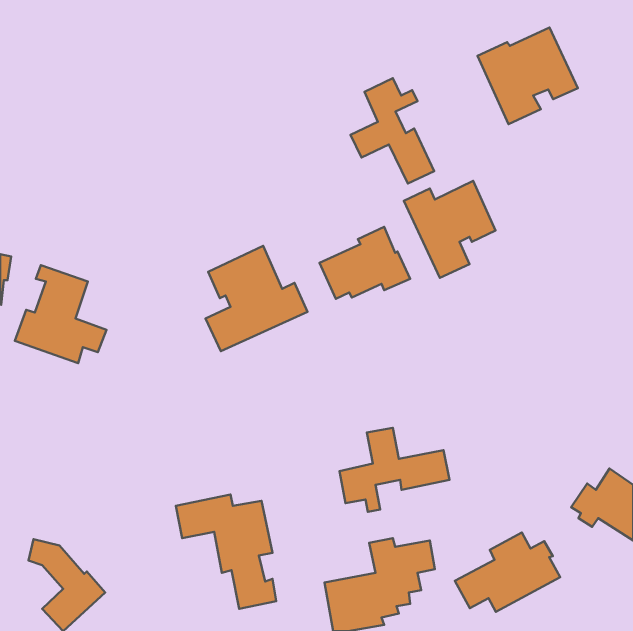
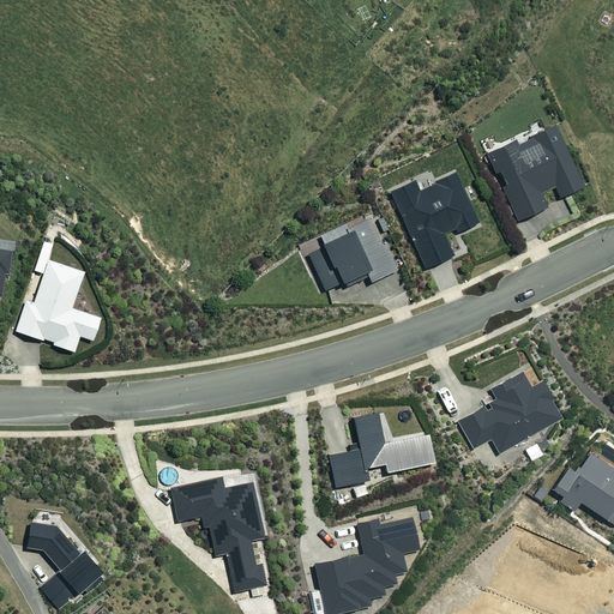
building: [478,27,578,124] -> [489,128,586,222]
building: [351,78,434,184] -> none
building: [206,246,307,351] -> none
building: [455,533,560,612] -> [459,374,561,451]

